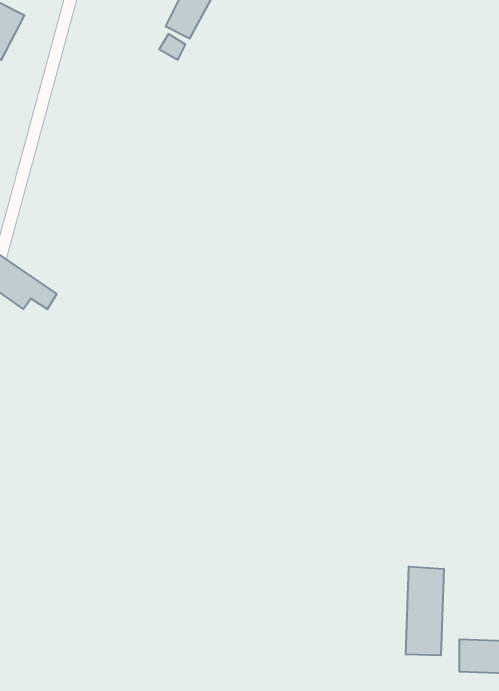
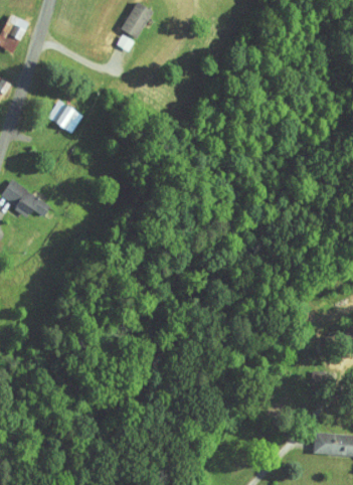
building: none -> [47,101,82,133]
building: [406,566,444,655] -> none

